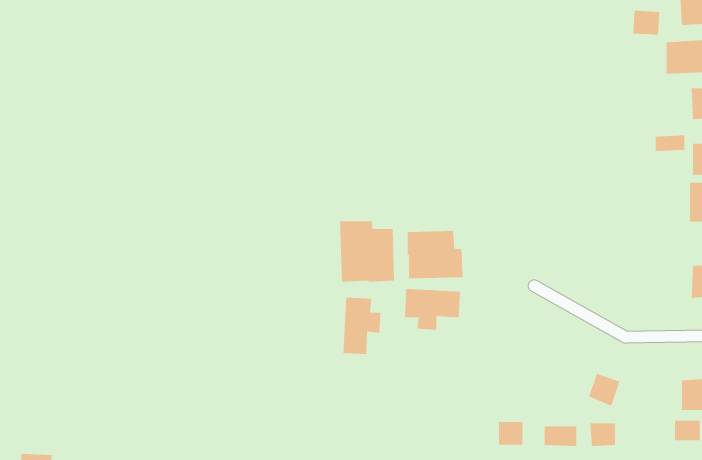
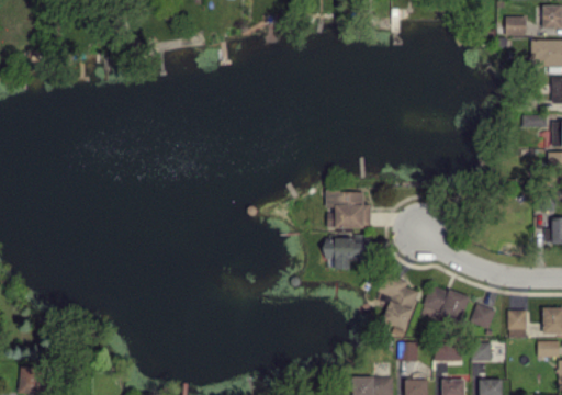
building: [339,220,395,283] -> none
building: [343,297,381,355] -> none
building: none -> [378,273,419,334]
building: none -> [420,283,469,326]
building: none -> [507,309,527,337]

